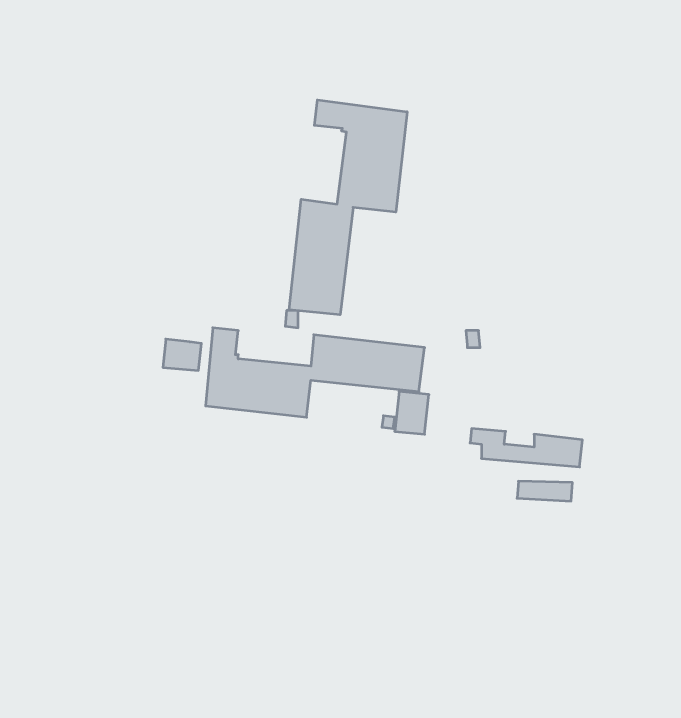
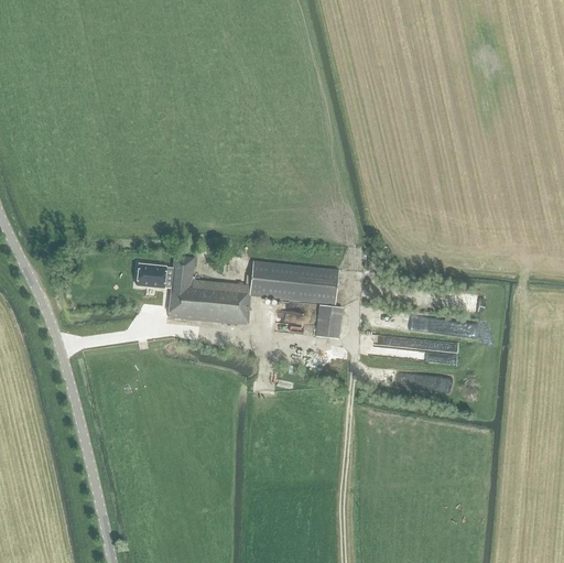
building: [289,100,407,315] -> none

